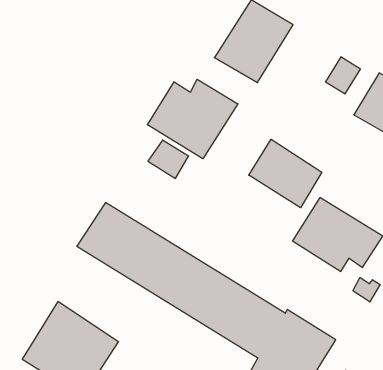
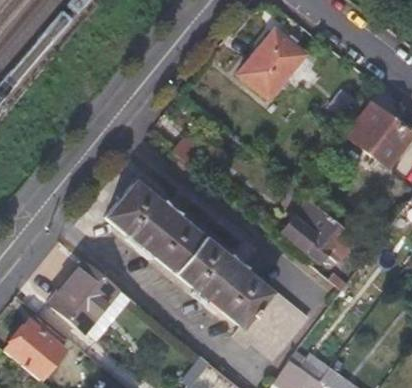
building: [147,79,238,159] -> none
building: [249,139,322,208] -> none

